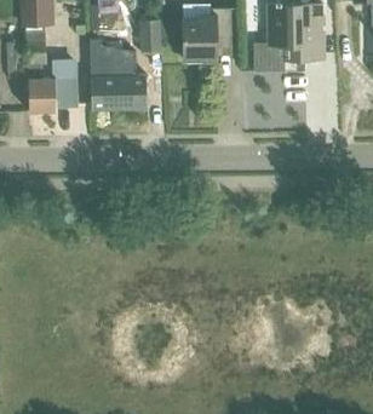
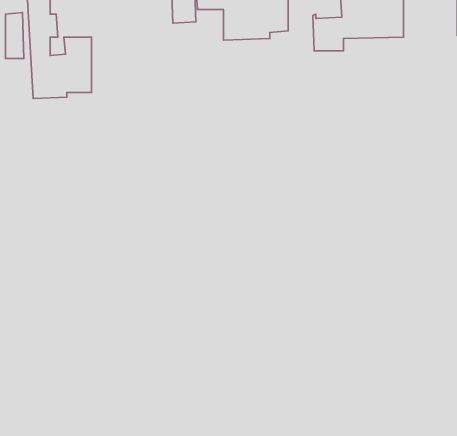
building: [90,36,145,107] -> none

